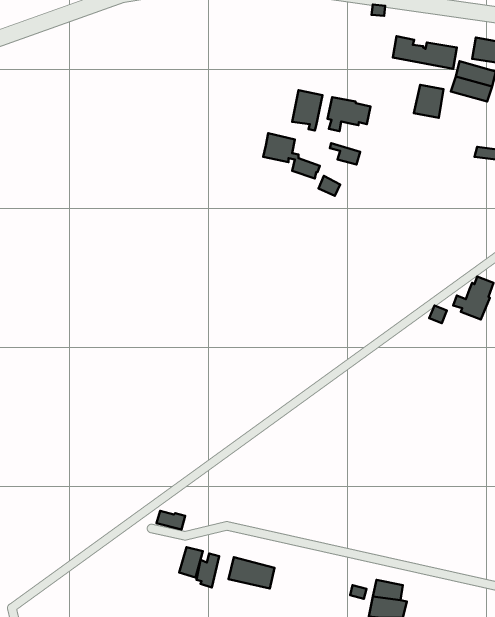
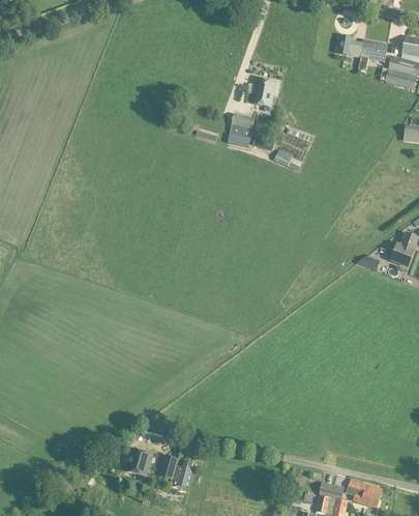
building: [414,85,444,118] -> none
building: [327,97,370,131] -> none
building: none -> [124,449,151,477]
building: [228,557,274,589] -> none
building: none -> [347,479,381,508]

